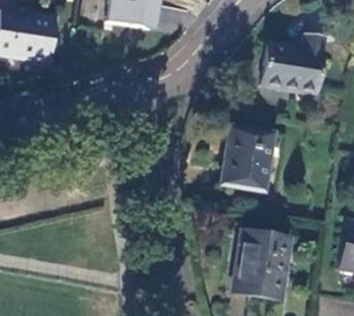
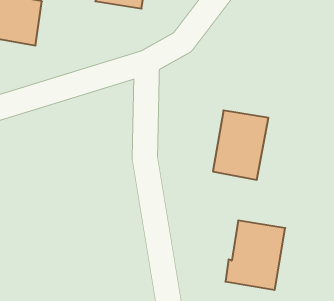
building: [261,33,326,93] -> none

